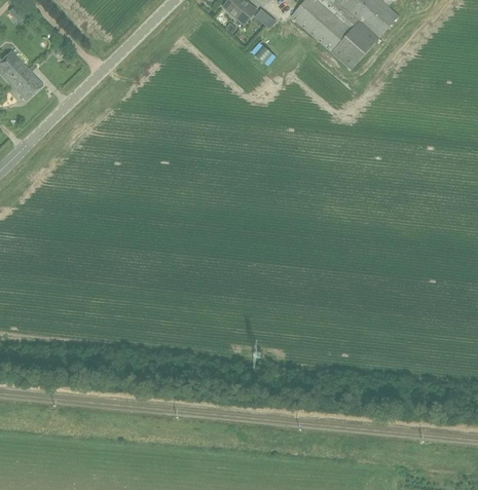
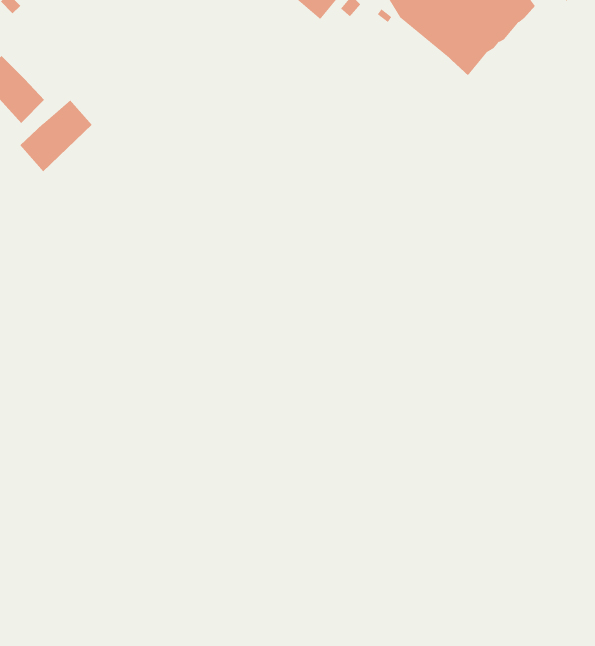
building: none -> [19,99,93,172]

